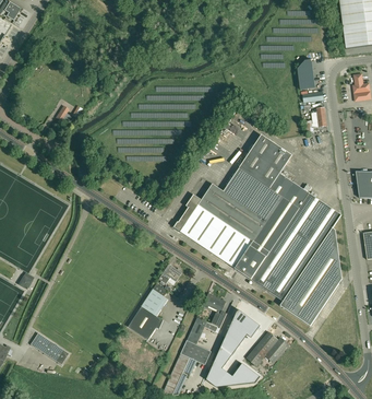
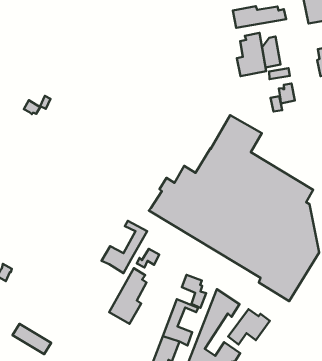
building: none -> [233,6,286,28]
building: none -> [237,33,266,76]
building: none -> [101,221,147,273]

